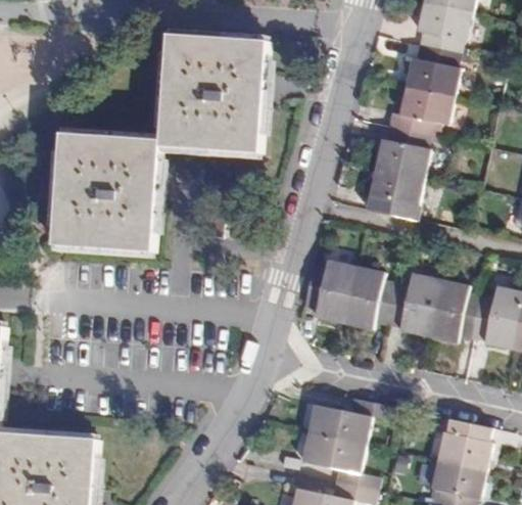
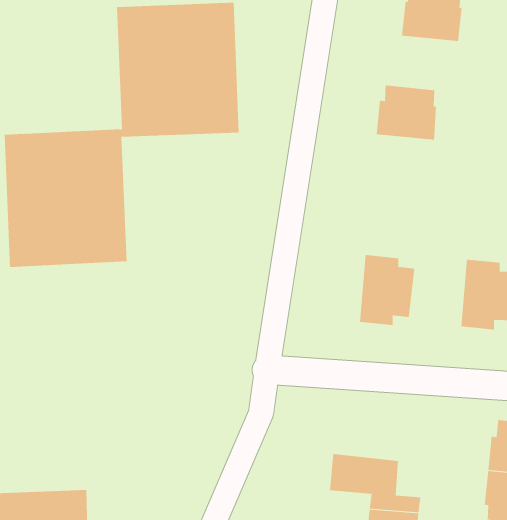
building: [386,87,453,136] -> none
building: [368,168,423,220] -> none
building: [300,262,353,324] -> none
building: [385,275,438,337] -> none
building: [307,398,392,445] -> none

